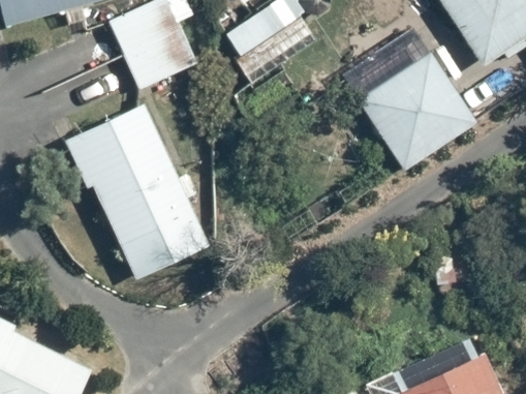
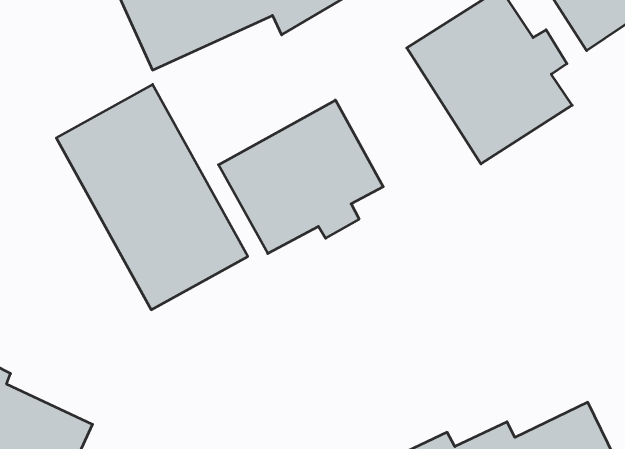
building: none -> [218,100,383,254]

